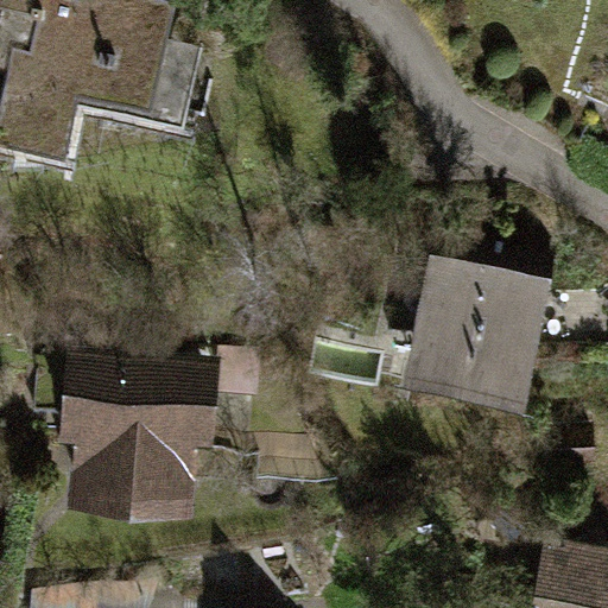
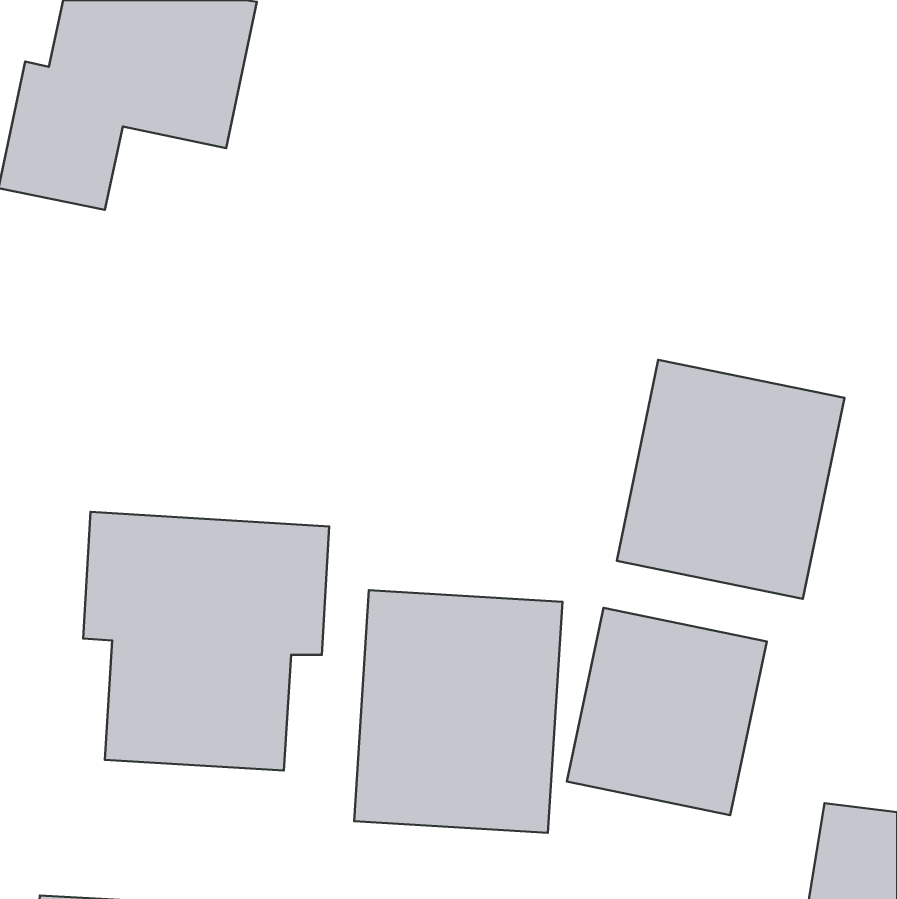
building: none -> [354,590,563,833]
building: none -> [567,608,767,815]

